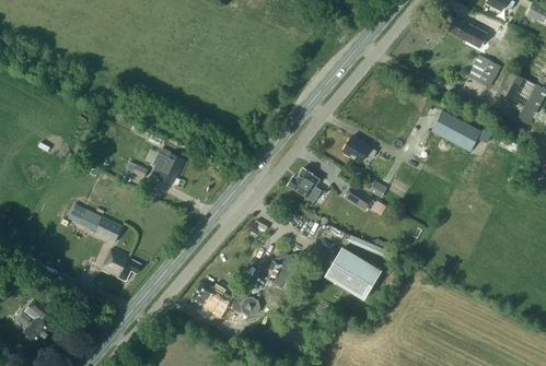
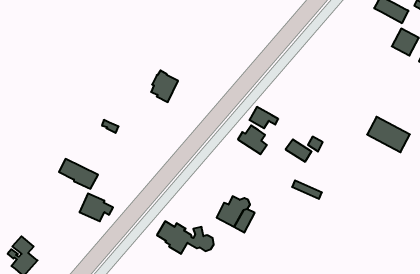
building: [430,110,480,152] -> [367,117,410,152]
building: [341,137,375,162] -> [249,107,278,128]
building: [151,147,183,185] -> [151,70,178,102]
building: [325,248,381,299] -> none

